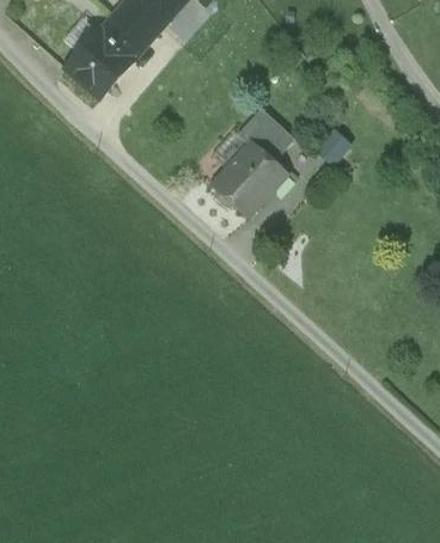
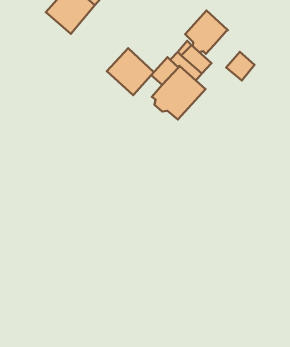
building: none -> [185,11,228,54]
building: none -> [107,48,154,95]

